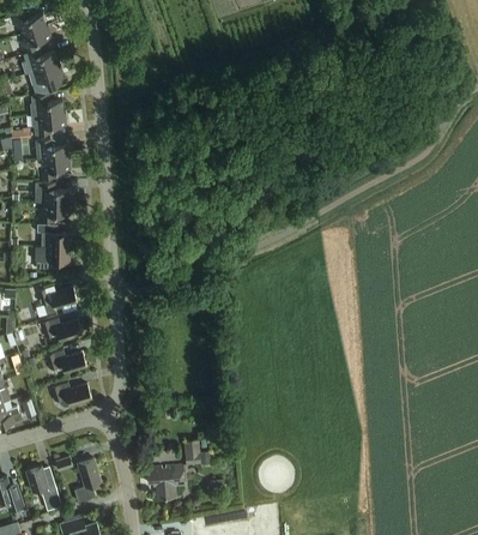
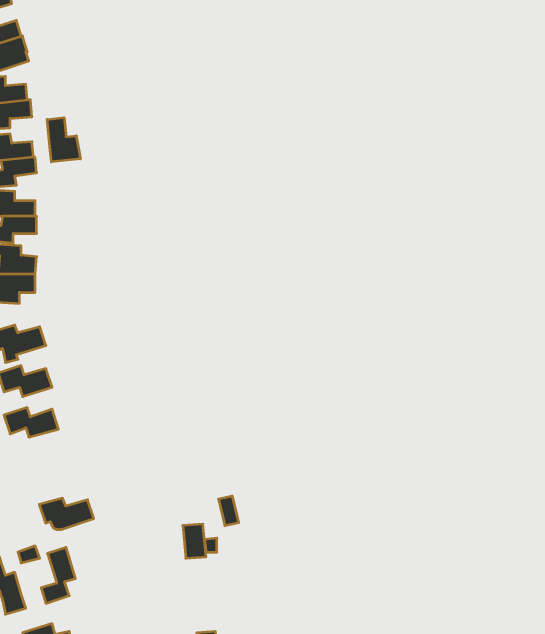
building: none -> [47,118,80,162]
building: [49,381,91,405] -> [39,498,94,529]
building: [146,464,183,498] -> none

